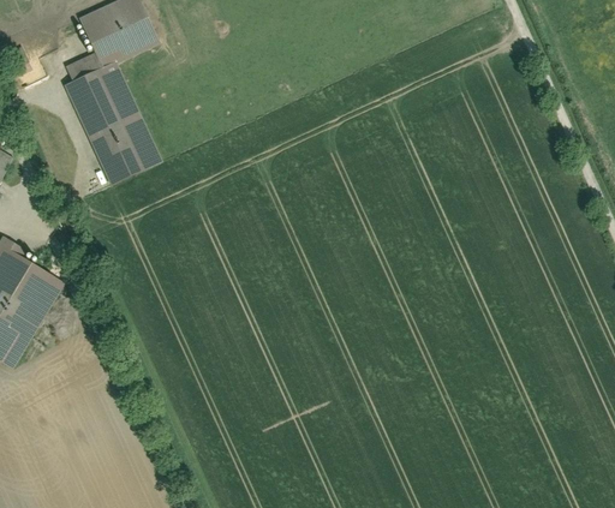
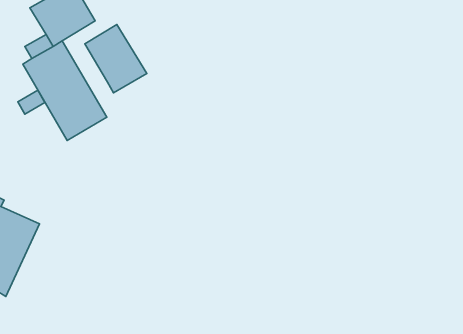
building: none -> [85,24,147,93]
building: none -> [18,90,45,114]

